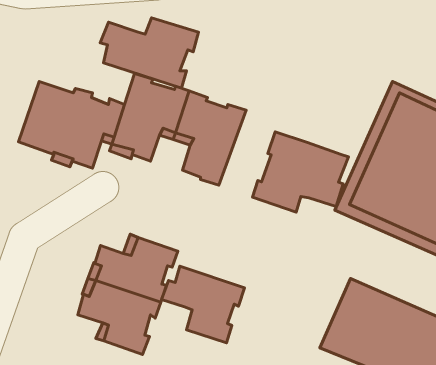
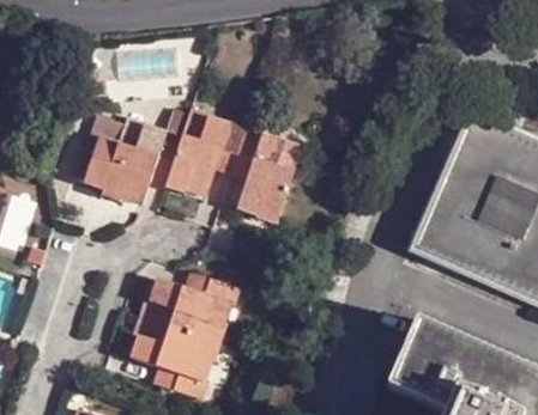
building: [100,18,199,88] -> none
building: [252,132,348,212] -> none
building: [162,266,245,343] -> none

